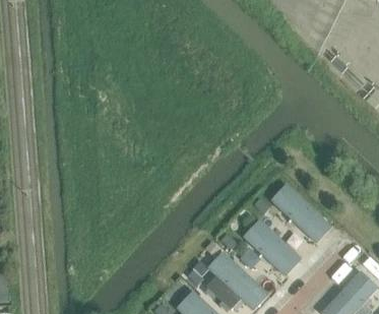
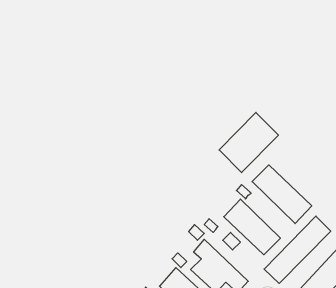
building: none -> [219,112,278,173]
building: none -> [264,216,331,283]

